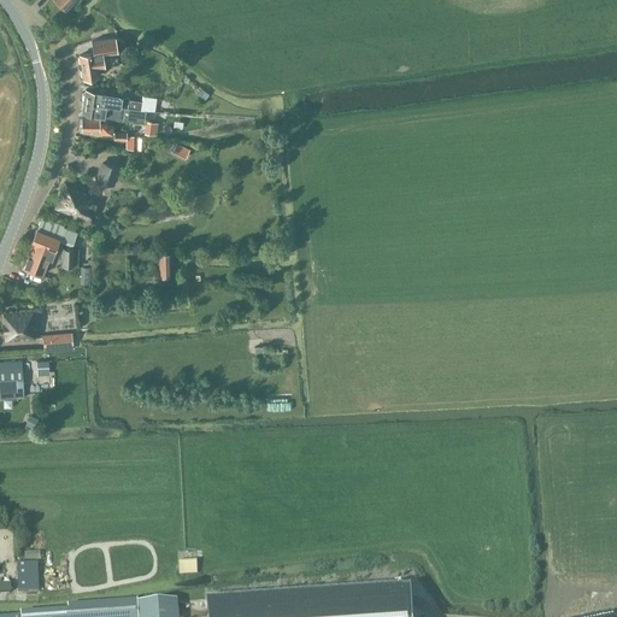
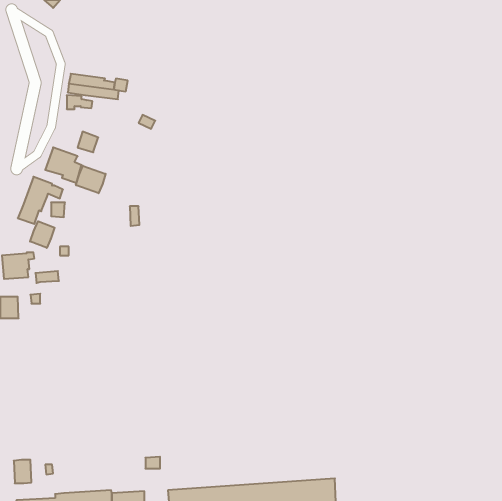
building: [81,40,118,81] -> none
building: none -> [76,166,106,193]
building: none -> [30,221,55,248]

